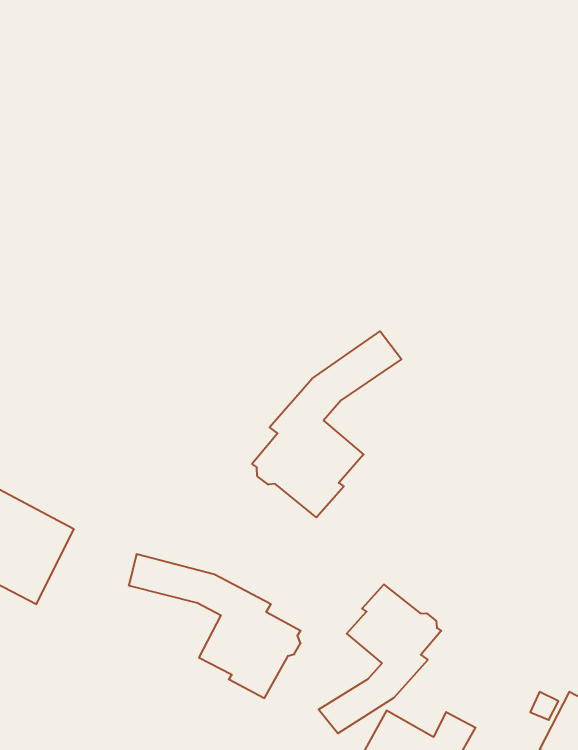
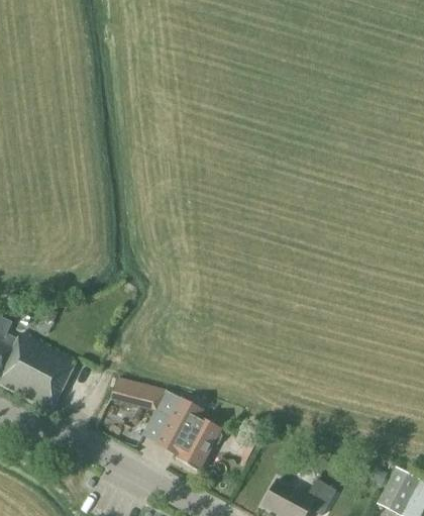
building: [252,331,401,517] -> none
building: [319,584,441,733] -> none

